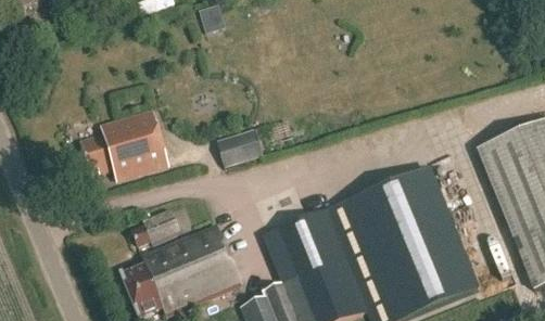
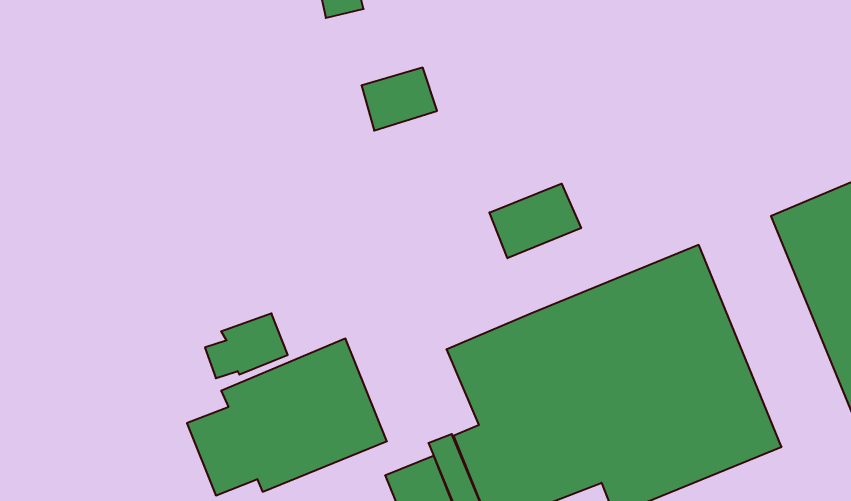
building: [80,110,168,178] -> none
building: [217,128,263,166] -> [361,68,437,131]
building: none -> [489,184,581,258]

